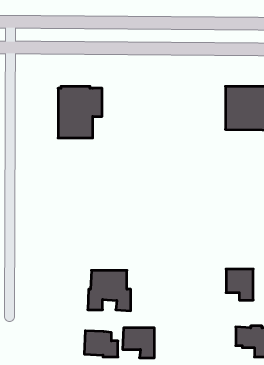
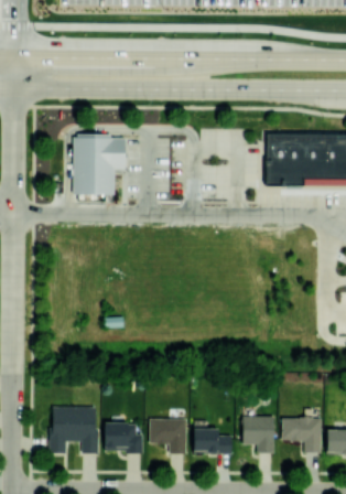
building: [226,269,253,300] -> [242,416,274,452]
building: [88,270,131,311] -> [48,406,99,453]
building: none -> [193,428,231,453]

